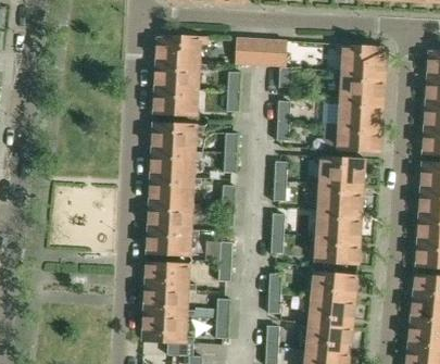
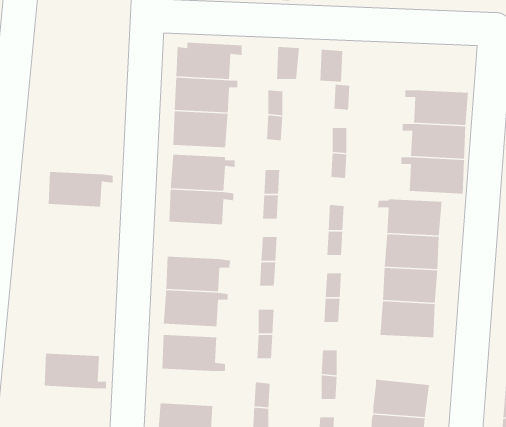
building: [335,45,386,74] -> none
building: [150,175,201,203] -> [48,171,114,207]
building: [304,271,356,301] -> none
building: [144,289,193,317] -> [44,353,107,389]

